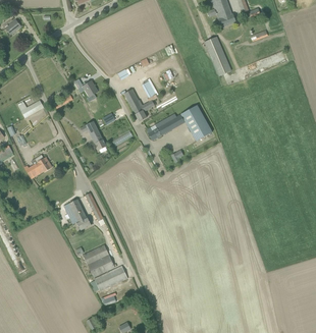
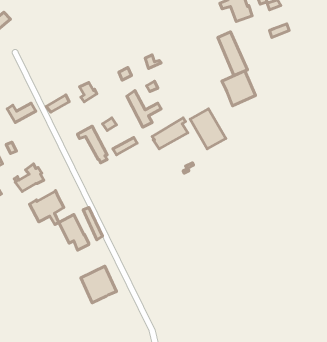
building: none -> [222,71,256,106]
building: none -> [29,191,64,225]
building: [94,266,127,290] -> none

